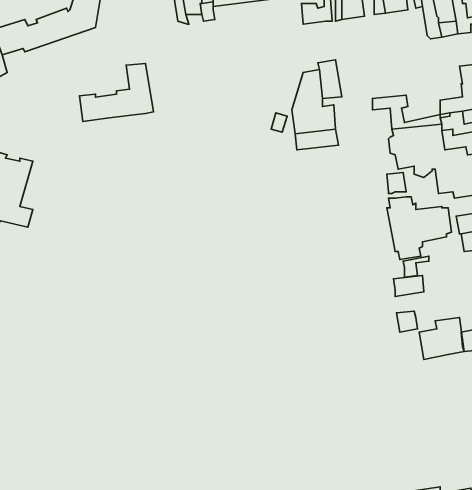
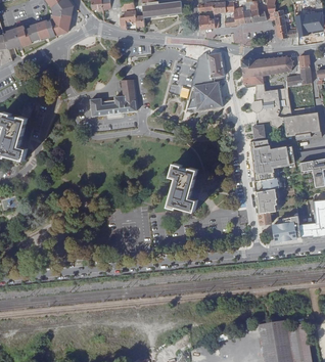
building: [80,63,154,121] -> [91,79,138,116]
building: none -> [240,56,294,76]
building: none -> [169,162,198,209]

